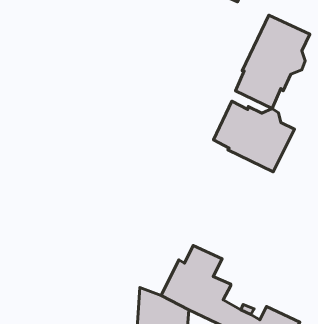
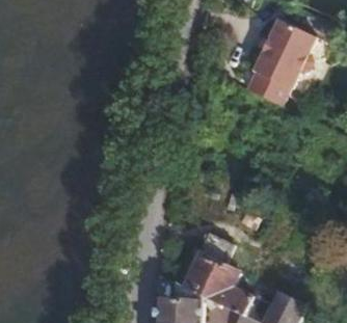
building: [213,101,294,172] -> none

